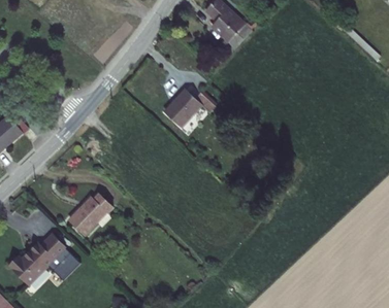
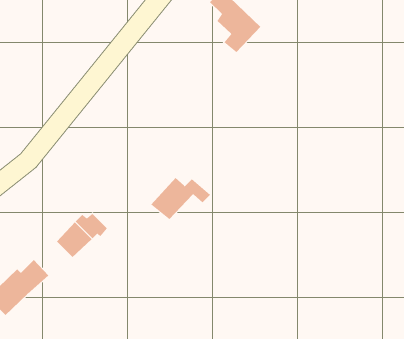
building: [160,93,213,130] -> [151,177,211,220]
building: [46,247,79,280] -> none

